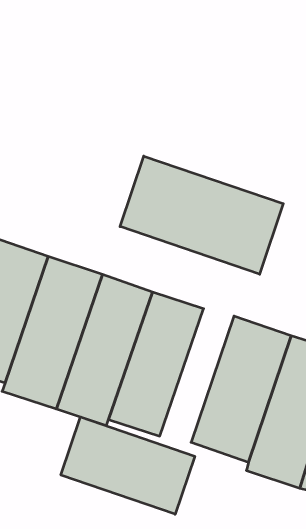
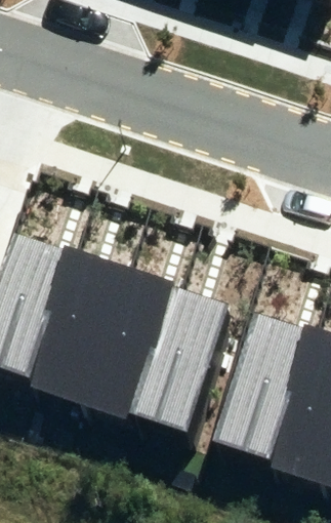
building: [120,156,283,274] -> none
building: [61,417,195,514] -> none

